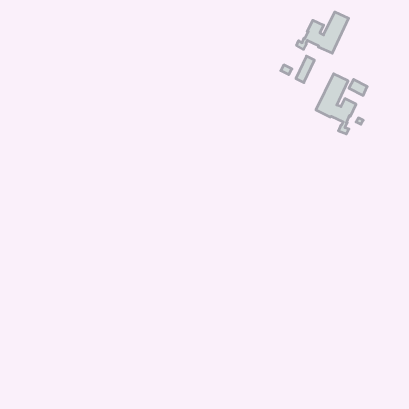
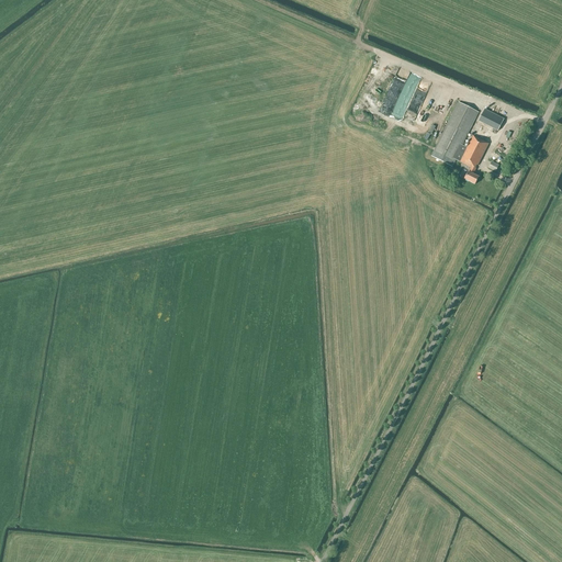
building: [297,12,349,53] -> none

